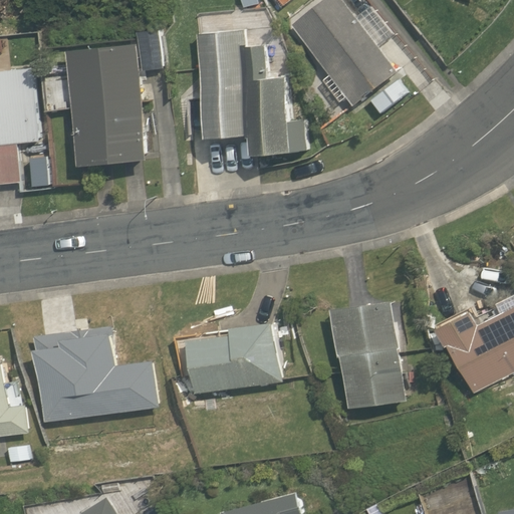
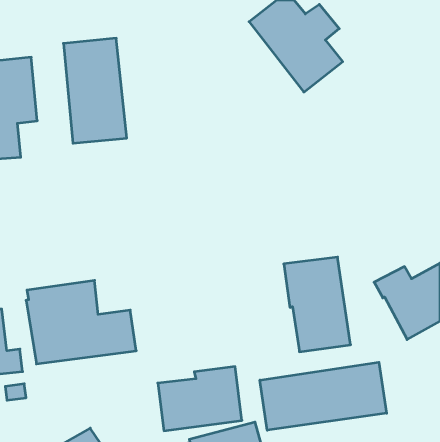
building: [194,31,305,157] -> none
building: [185,320,282,395] -> [158,367,242,431]
building: none -> [260,362,387,430]

